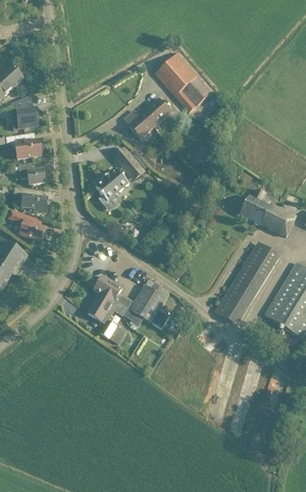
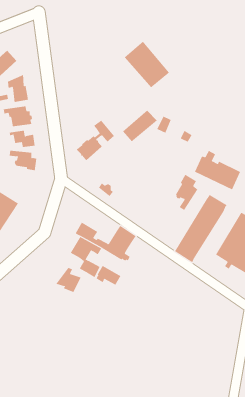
building: [129,98,171,138] -> [122,110,157,142]
building: [9,209,46,241] -> none
building: none -> [175,174,198,211]
building: none -> [96,265,121,285]
building: none -> [56,267,81,293]

